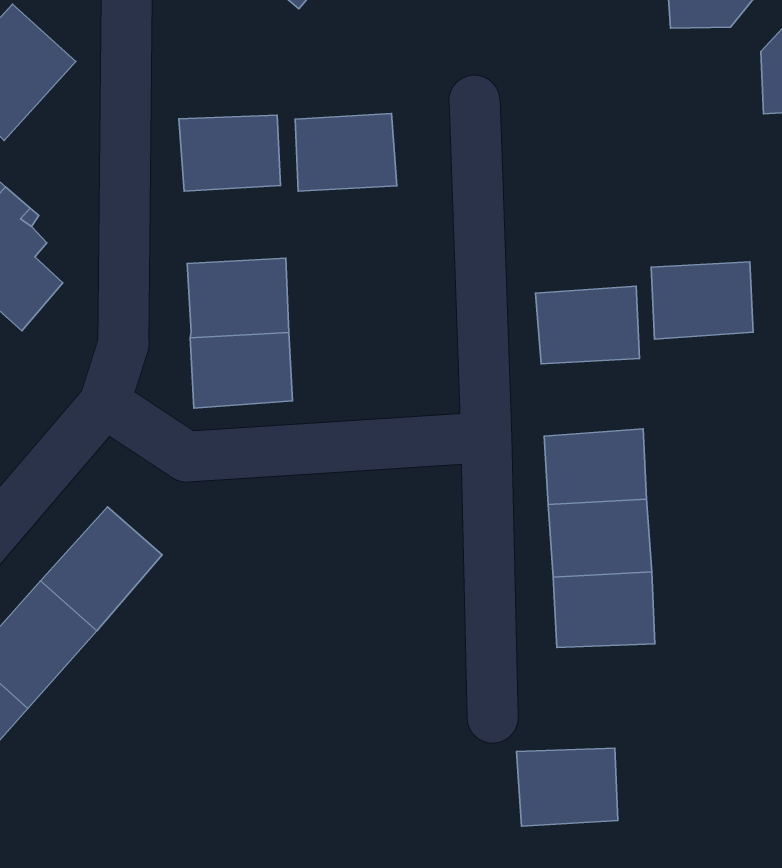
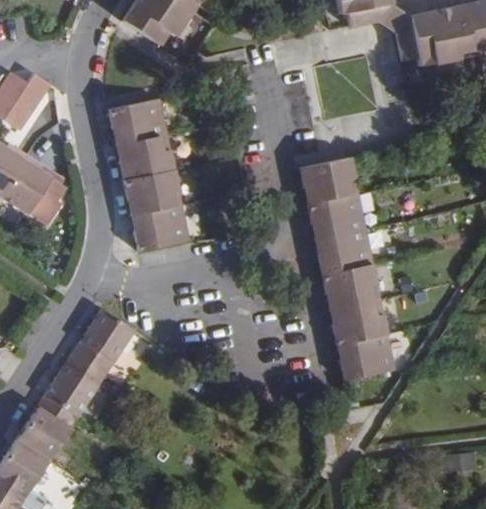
building: [295,113,397,191] -> [117,134,173,180]
building: [651,262,753,339] -> [309,194,365,240]
building: [517,748,618,826] -> [338,336,394,382]

